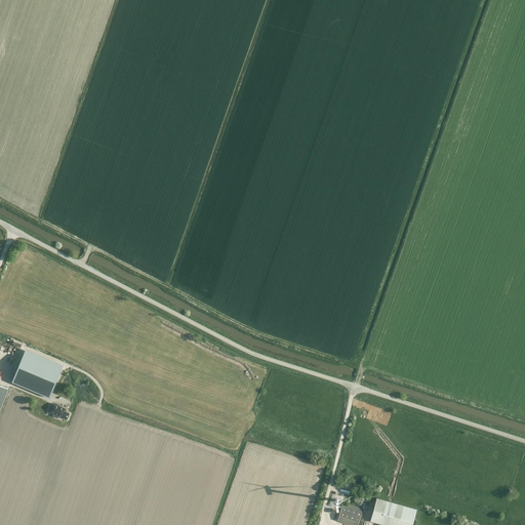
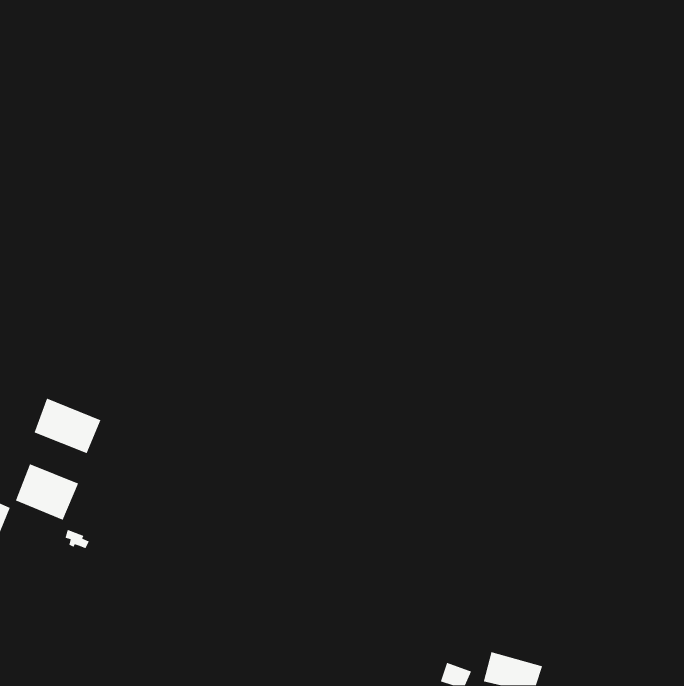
building: none -> [33,398,101,454]

